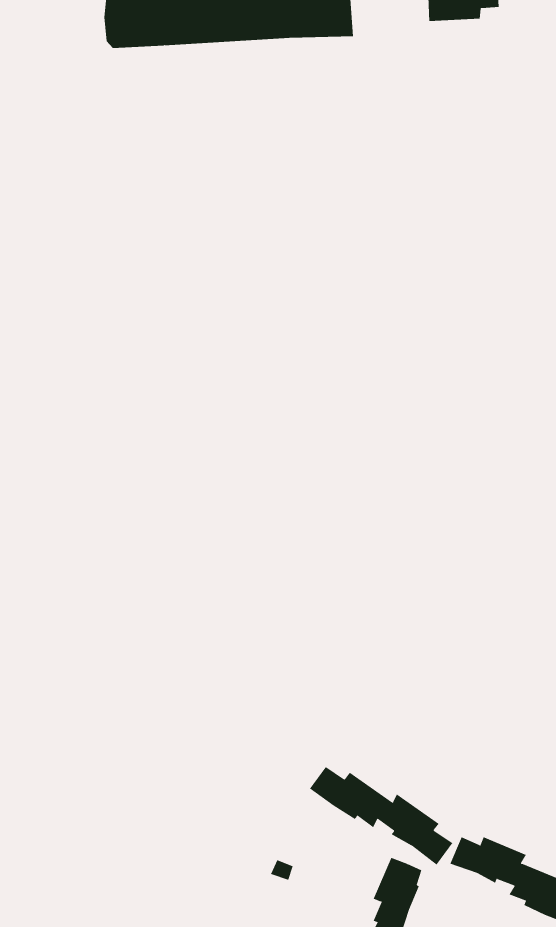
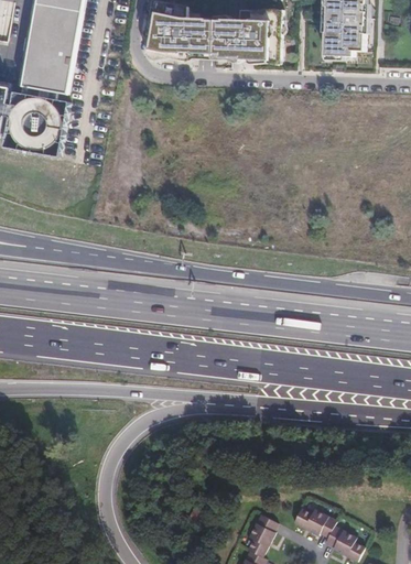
building: [309,766,453,866] -> none

